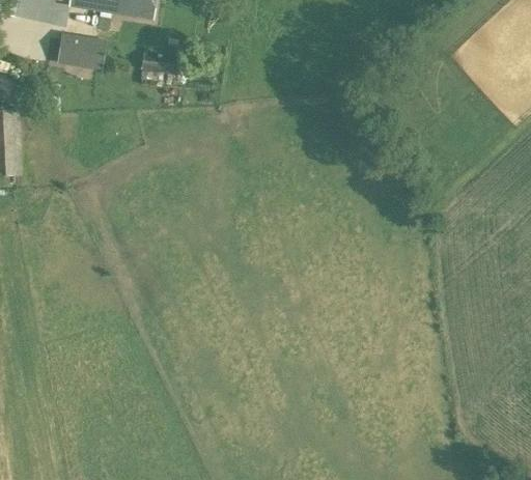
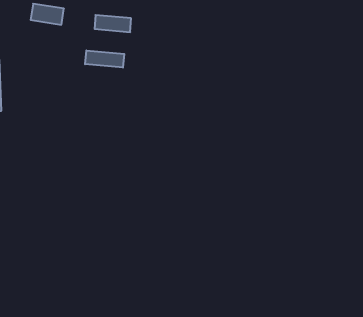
building: none -> [85,50,124,68]

